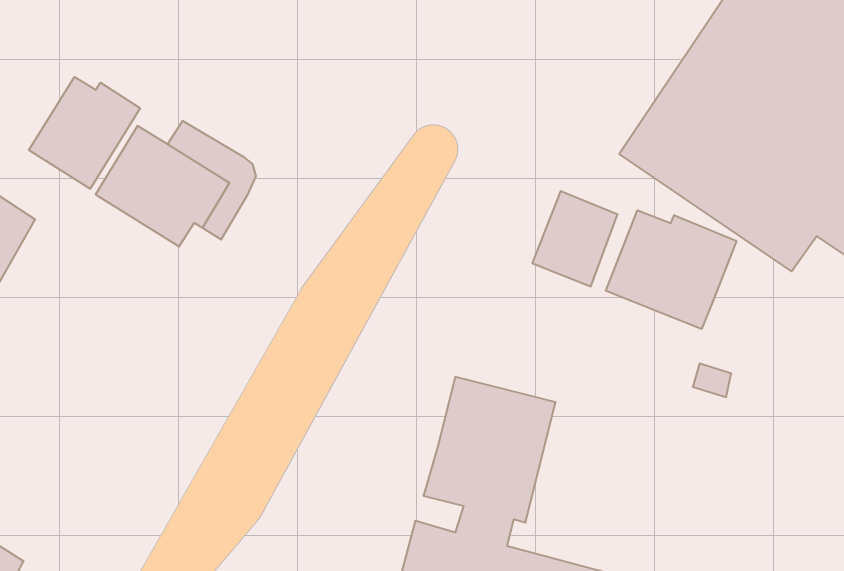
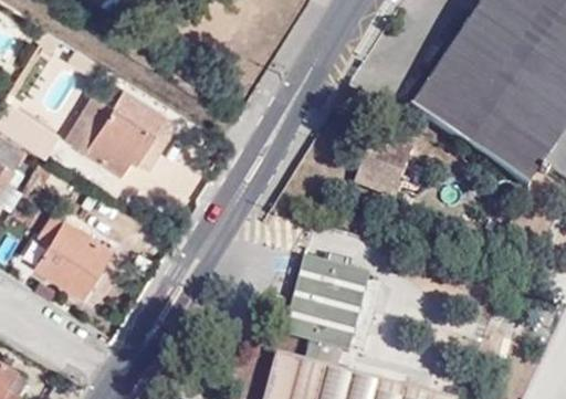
building: [29,77,140,189] -> none
building: [606,210,736,329] -> none
building: none -> [35,211,111,291]

